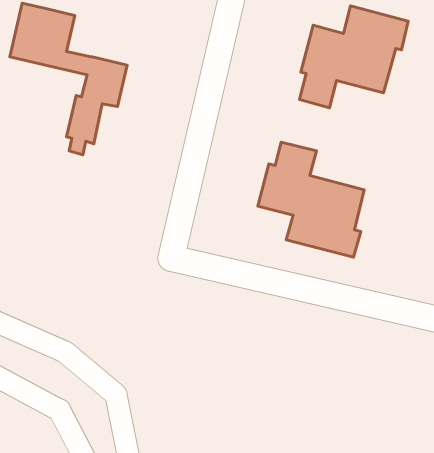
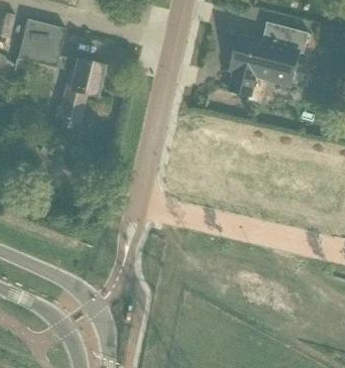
building: [258,142,364,257] -> none

